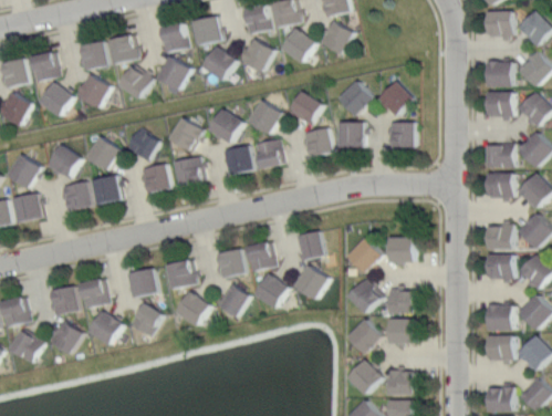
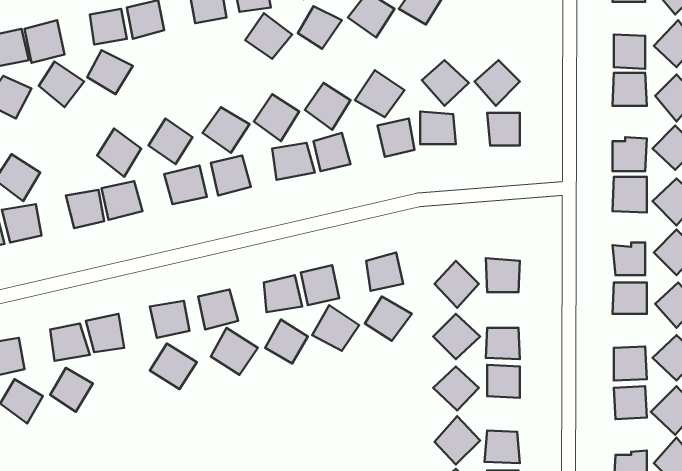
building: [157,55,191,91] -> none
building: [118,64,152,98] -> none
building: [45,143,81,179] -> none
building: [87,311,123,344] -> none

